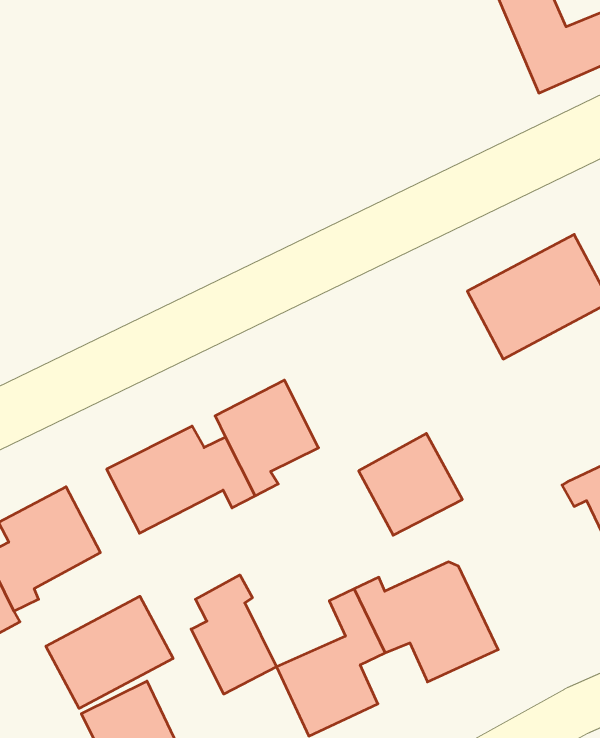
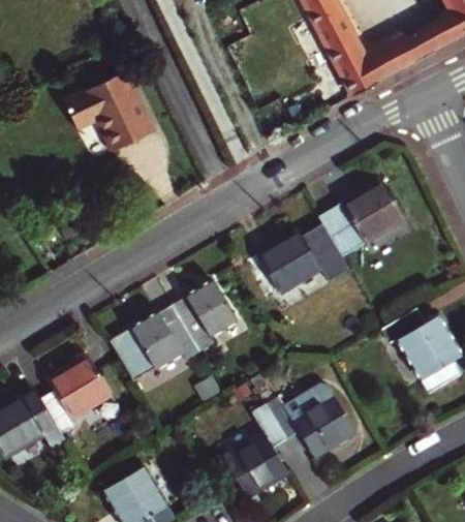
building: none -> [67,66,162,153]
building: [359,433,462,535] -> [258,232,322,295]
building: [191,575,276,694] -> none
building: [46,596,173,708] -> none

